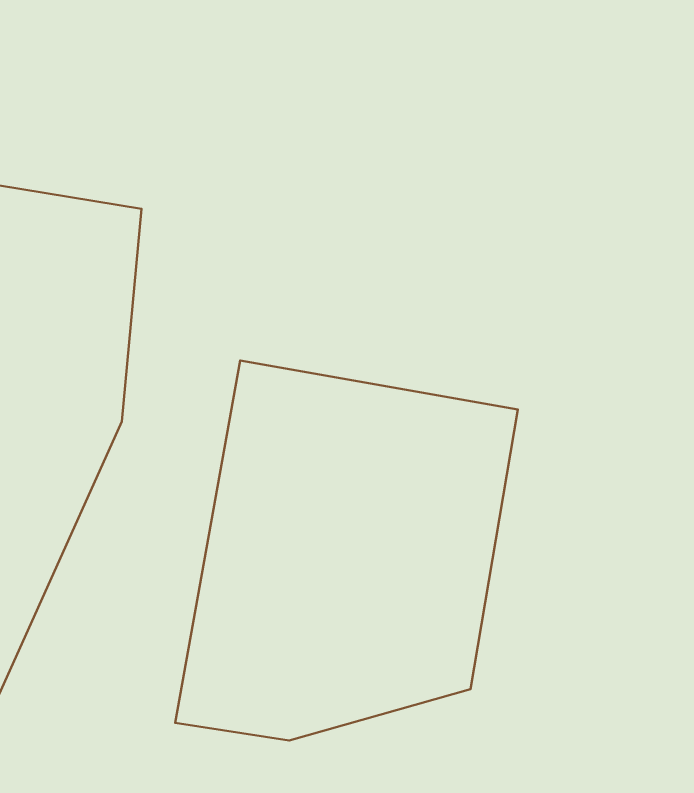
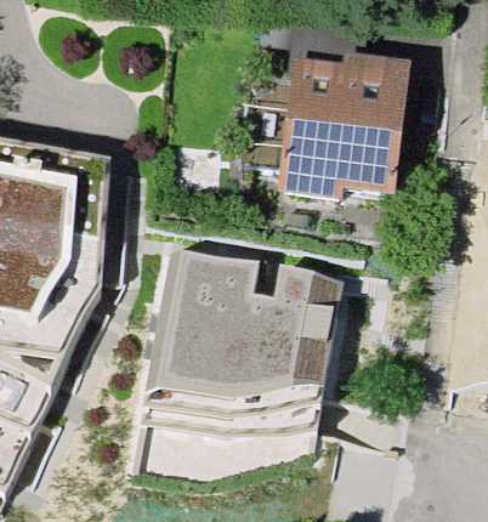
building: none -> [277,47,412,198]

